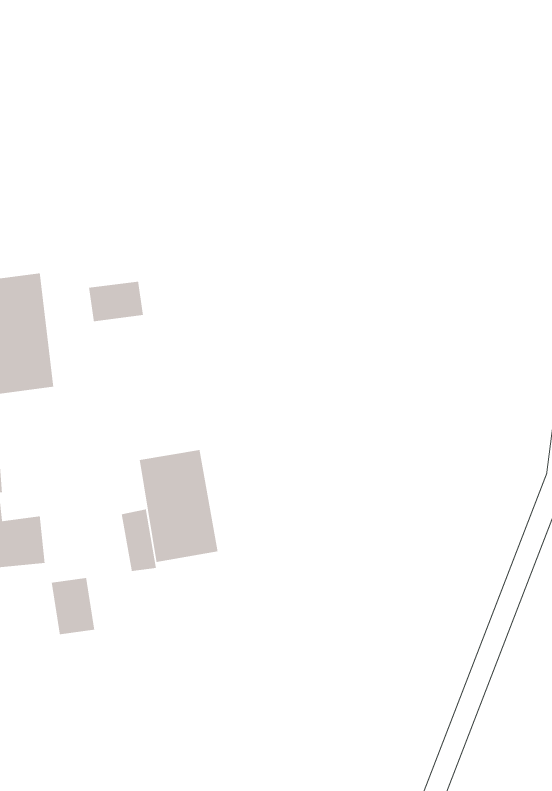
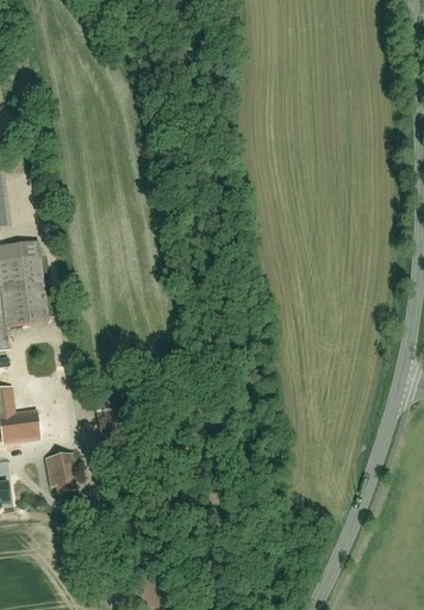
building: [88,281,144,322] -> none
building: [139,449,219,563] -> none

